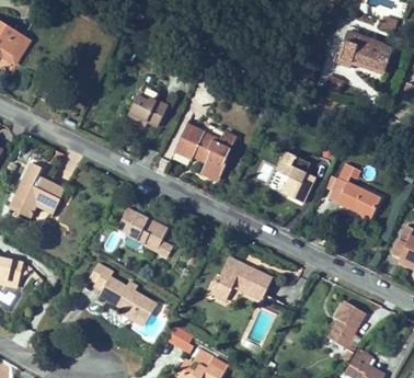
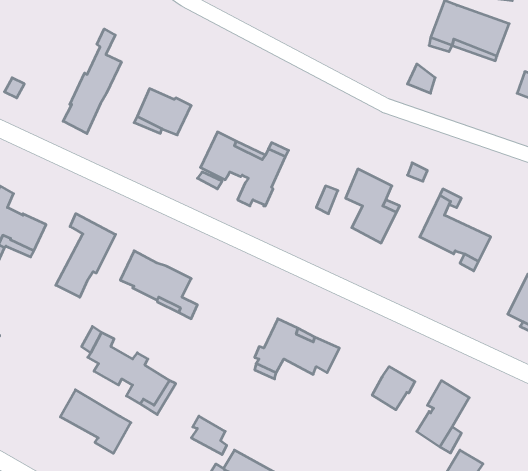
building: none -> [63,29,121,134]
building: none -> [56,214,116,297]
building: none -> [372,367,415,410]
building: none -> [60,390,131,453]

